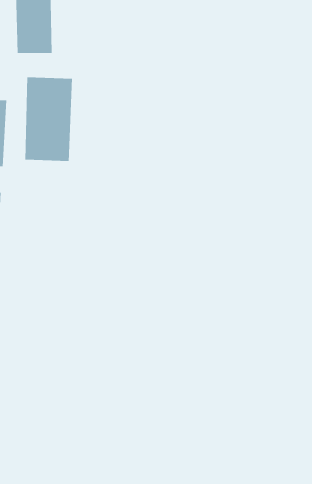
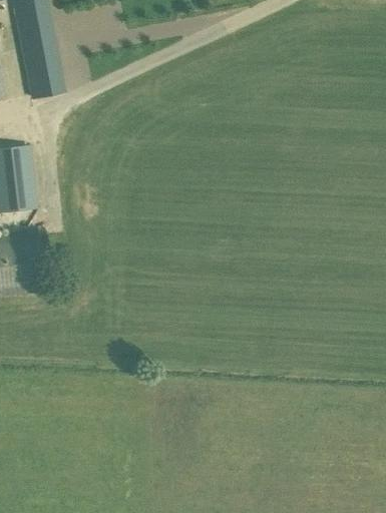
building: [25,76,72,162] -> none

